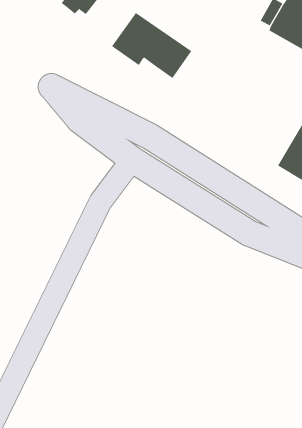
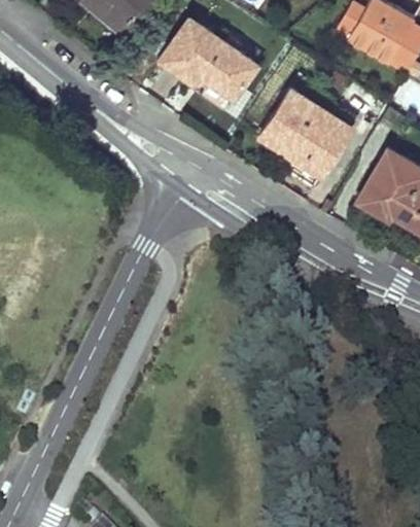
building: none -> [260,90,352,175]

